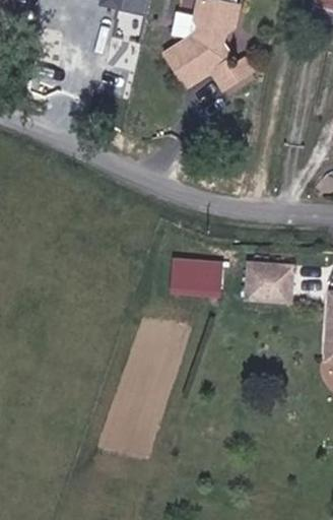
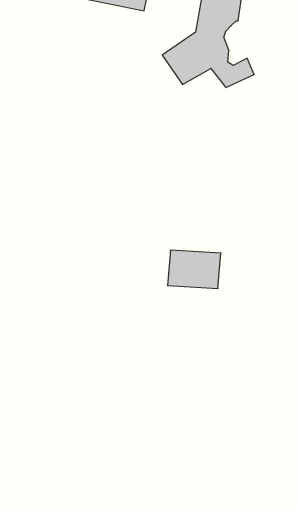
building: [249,259,293,296] -> none

